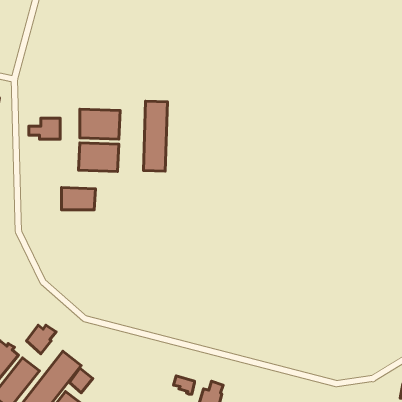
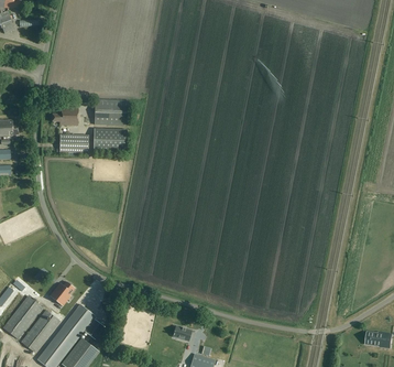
building: [143,101,168,171] -> none
building: [62,188,96,210] -> [61,132,89,151]

